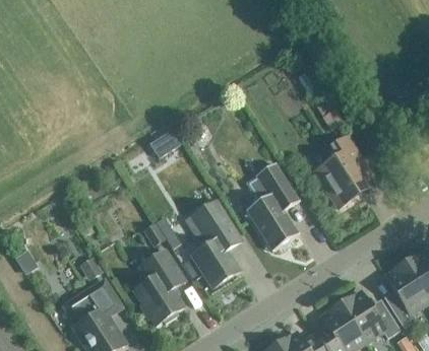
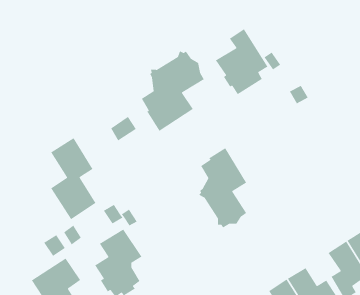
building: none -> [141,50,205,132]
building: [315,135,373,207] -> [215,28,269,95]
building: [191,199,241,288] -> [50,137,96,220]

